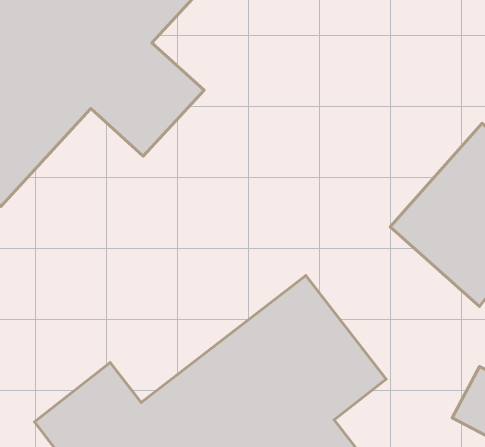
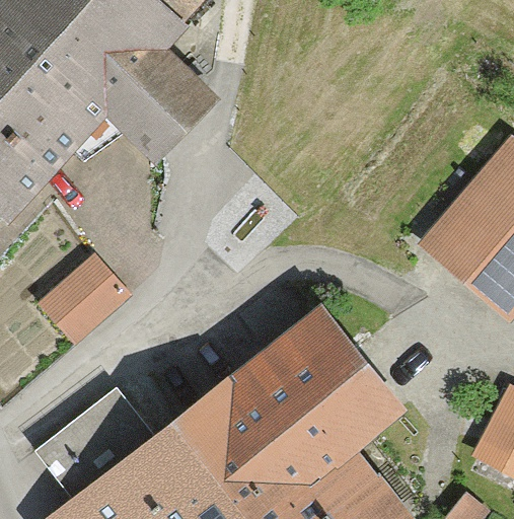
building: none -> [38,255,133,349]

